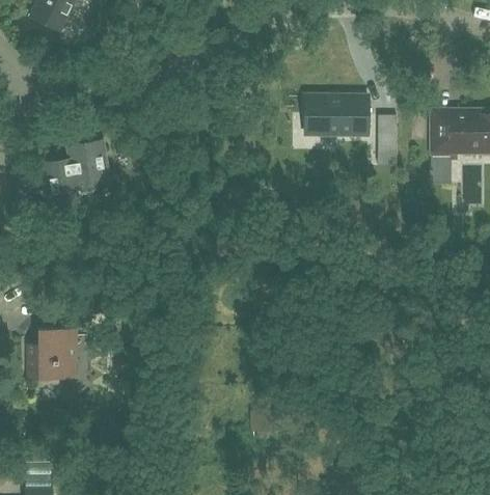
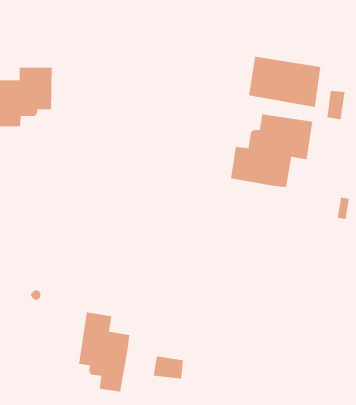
building: none -> [230,114,313,188]
building: none -> [78,312,130,392]

